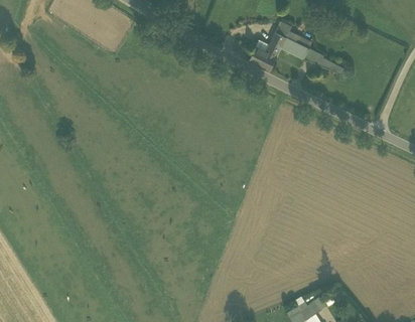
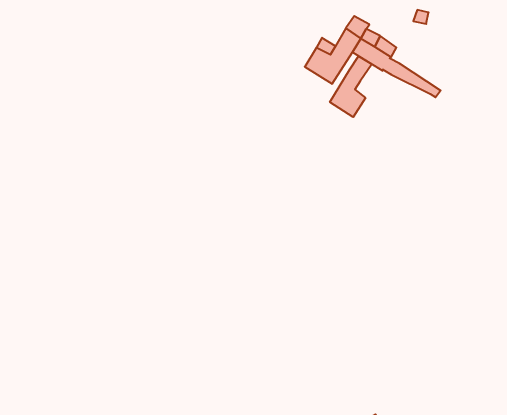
building: none -> [330,56,372,117]

